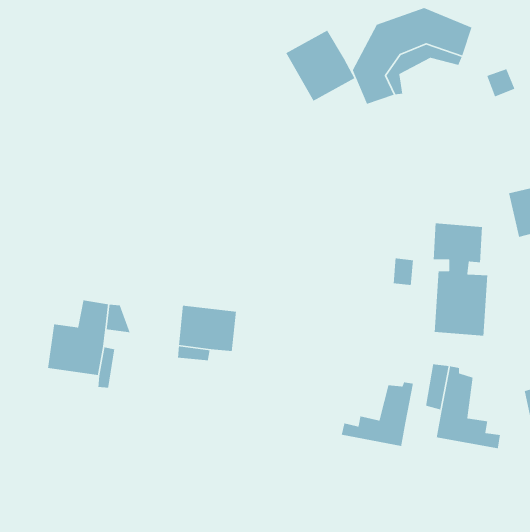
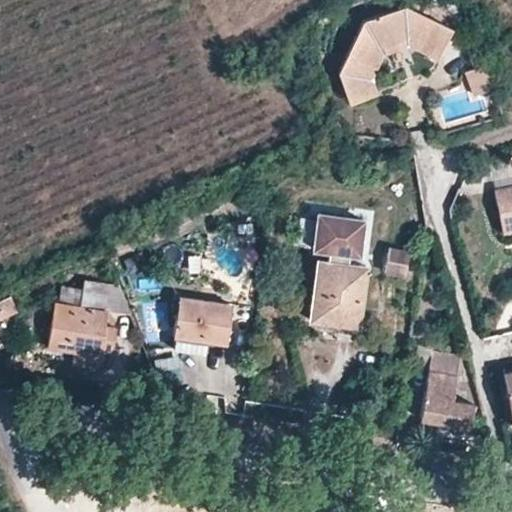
building: [285,30,355,102] -> none
building: [433,222,488,337] -> [315,215,368,324]
building: [341,381,414,447] -> none

